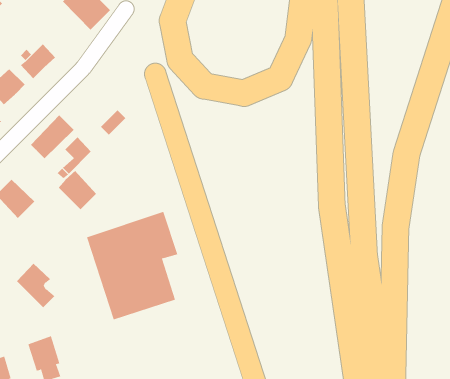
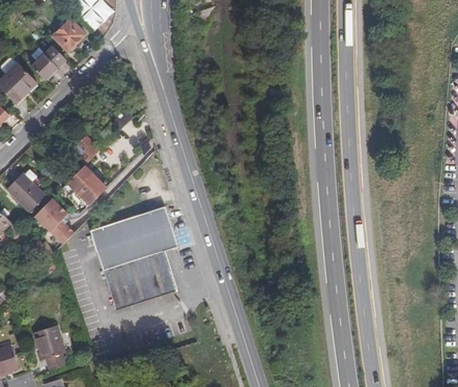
building: none -> [48,17,82,51]
building: [30,115,75,159] -> none
building: [16,263,55,308] -> [35,199,73,243]

